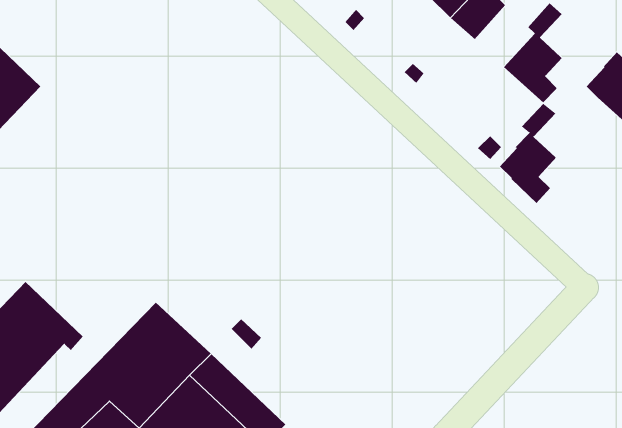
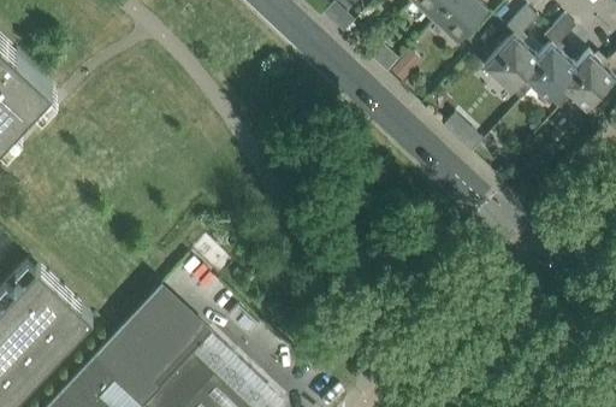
building: [499,103,557,204] -> [525,14,579,108]

